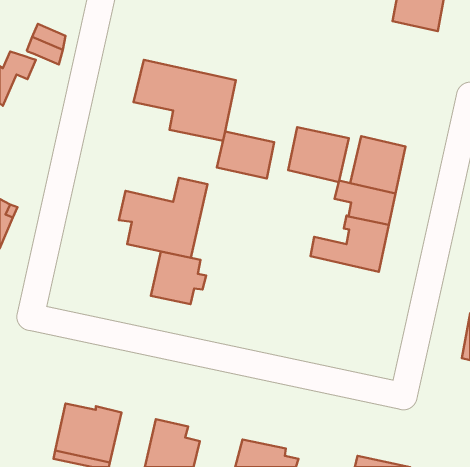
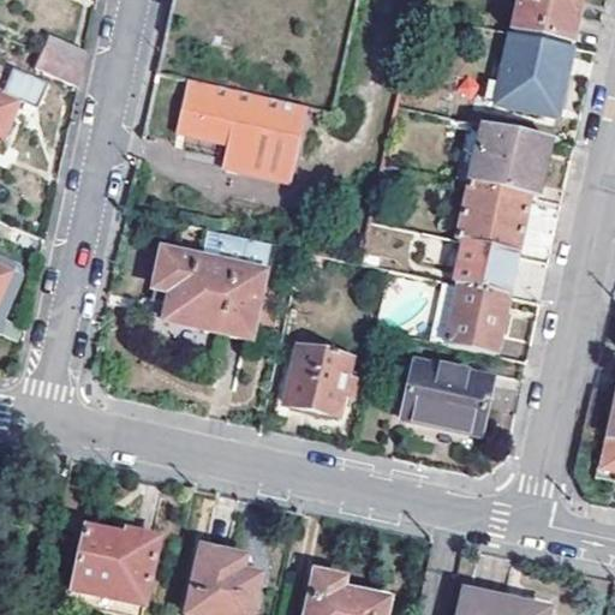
building: none -> [495,28,571,112]
building: [288,127,349,182] -> [471,121,550,193]
building: [217,132,274,179] -> none
building: [151,252,206,304] -> [285,341,357,410]
building: none -> [401,362,492,435]

